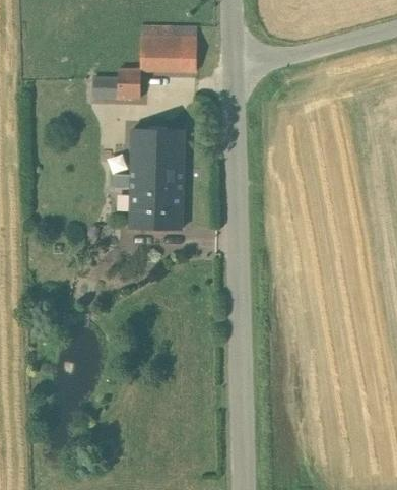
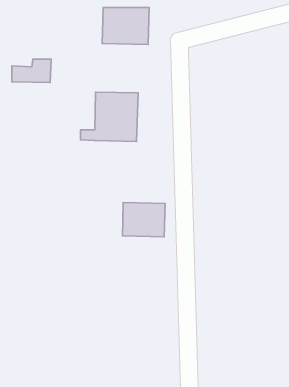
building: [104,71,151,100] -> [12,59,51,83]
building: [140,189,192,231] -> [122,203,165,237]

